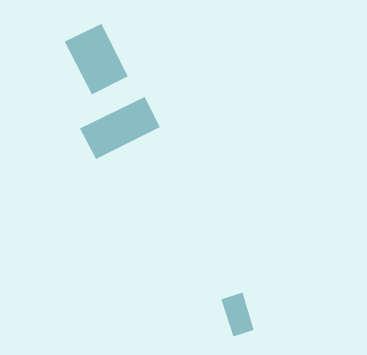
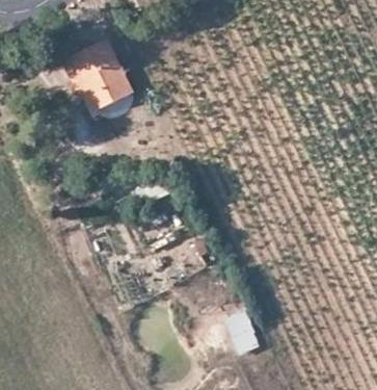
building: [79,96,161,160] -> none

